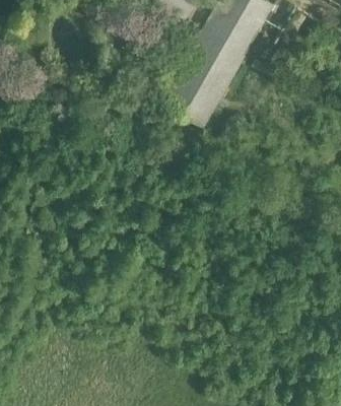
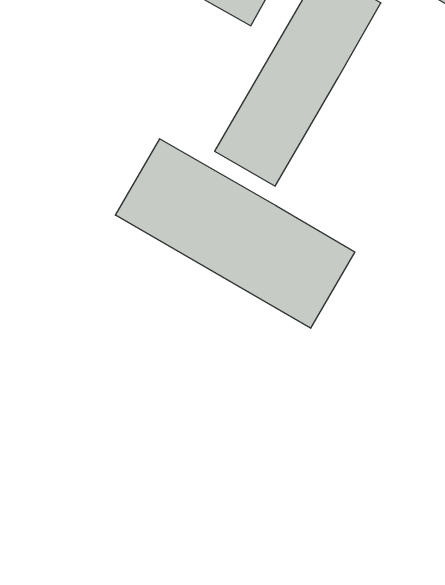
building: none -> [115,139,355,328]

